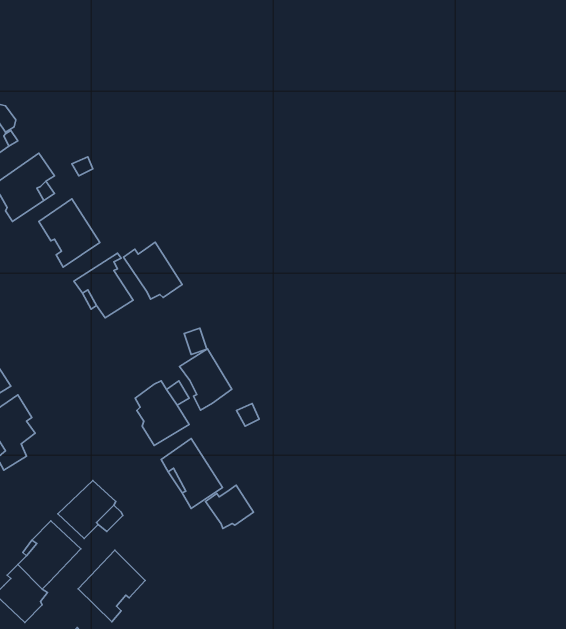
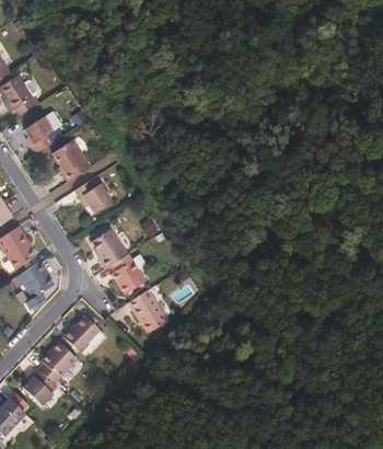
building: [124,242,182,299] -> none
building: [179,349,232,410] -> [91,230,124,268]
building: [206,485,254,528] -> none
building: [78,550,145,622] -> none

